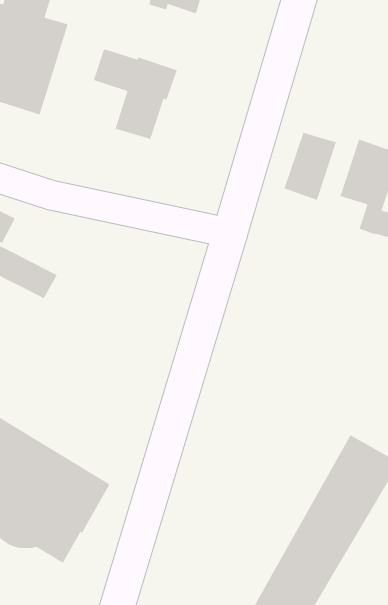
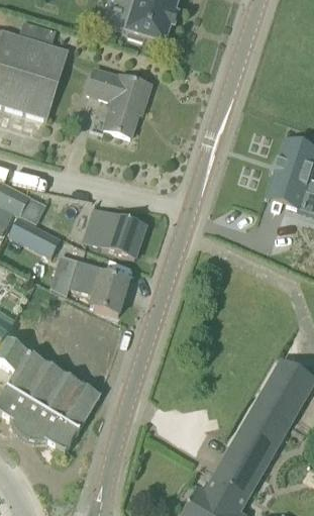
building: [283,132,337,201] -> none
building: none -> [83,211,145,257]
building: none -> [56,254,128,314]

